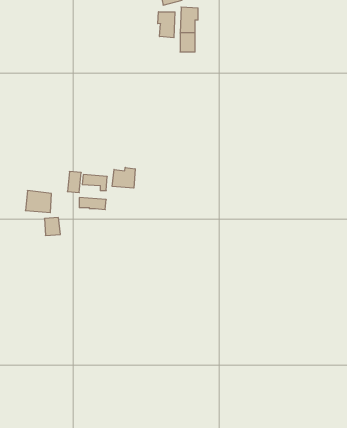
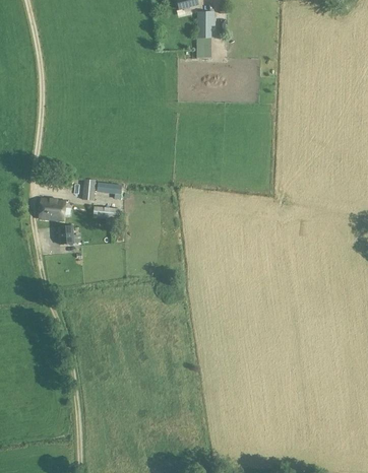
building: [158,12,175,38] -> none
building: [112,167,135,188] -> none

